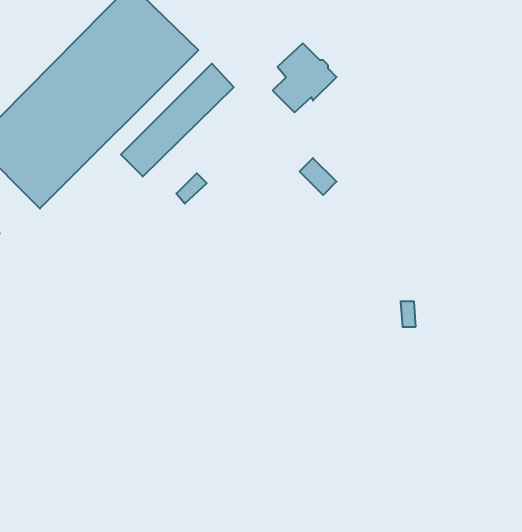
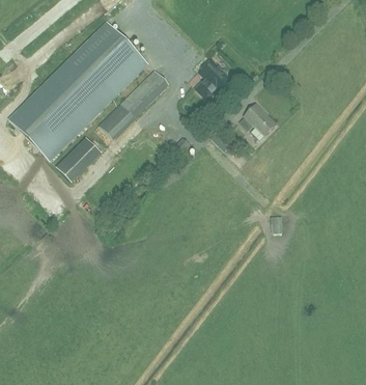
building: none -> [238,105,276,136]
building: none -> [55,136,101,182]

